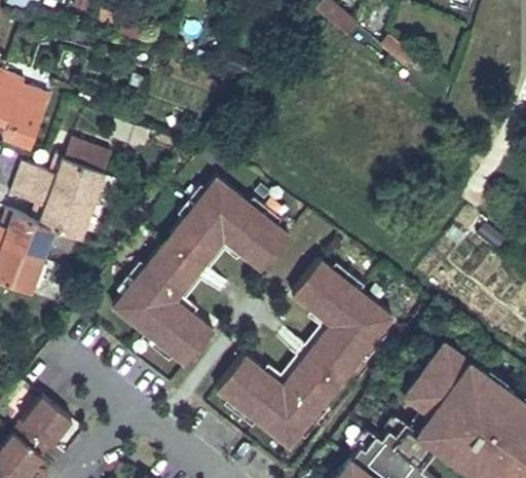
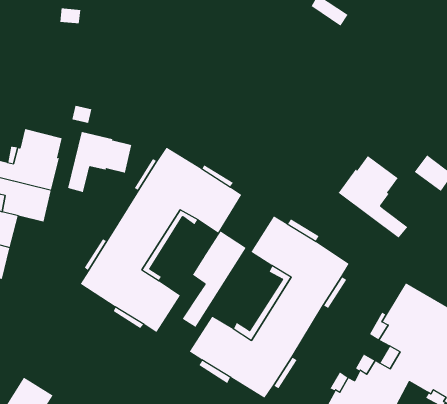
building: none -> [68,131,132,193]
building: none -> [338,155,408,238]
building: none -> [182,231,247,328]

